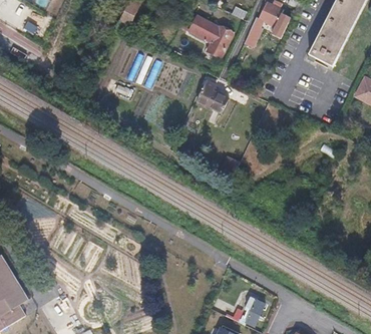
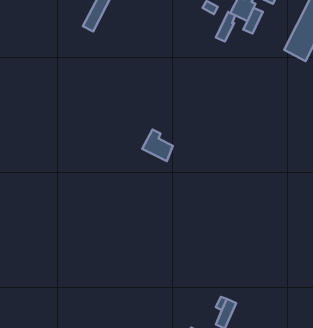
building: [188,14,233,58] -> none
building: [197,81,227,112] -> [142,129,173,161]

